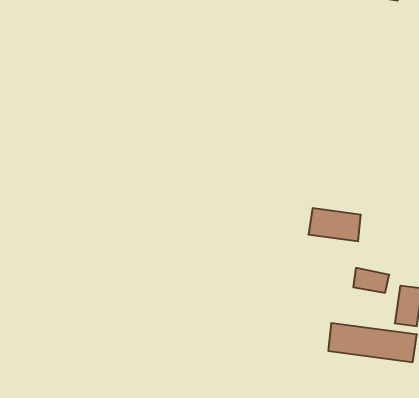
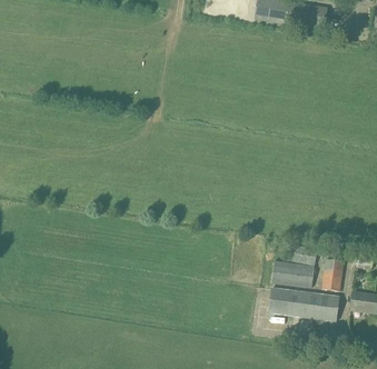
building: [308,208,361,241] -> [271,260,314,287]

